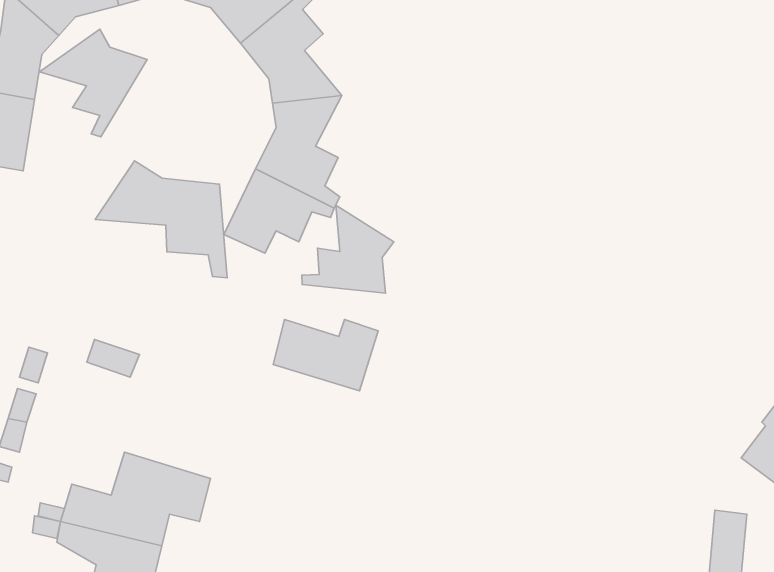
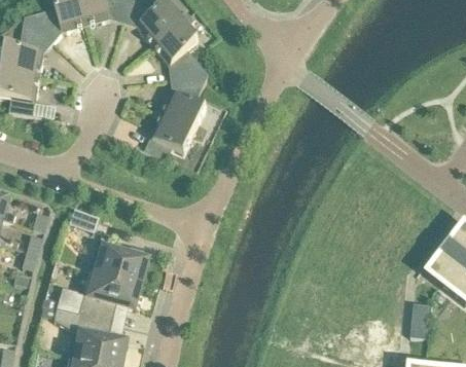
building: [39,29,147,137] -> none
building: [95,161,227,278] -> none
building: [302,205,394,293] -> none
building: [273,319,378,391] -> [91,246,148,285]

